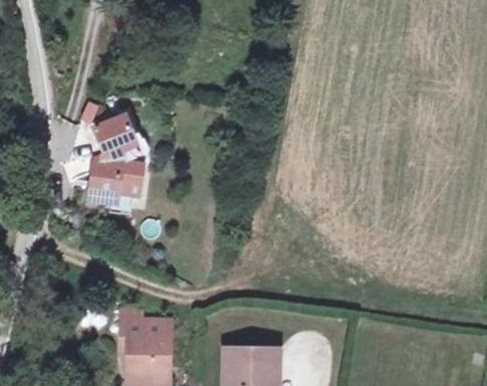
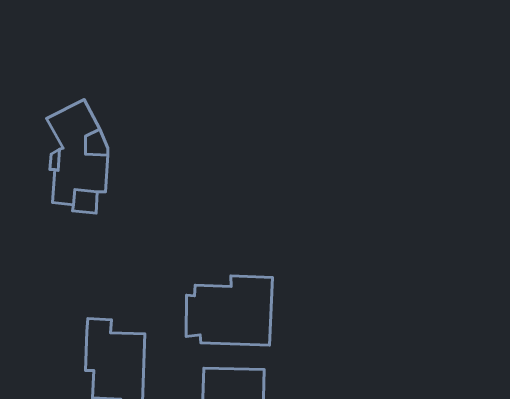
building: none -> [186,276,273,345]

